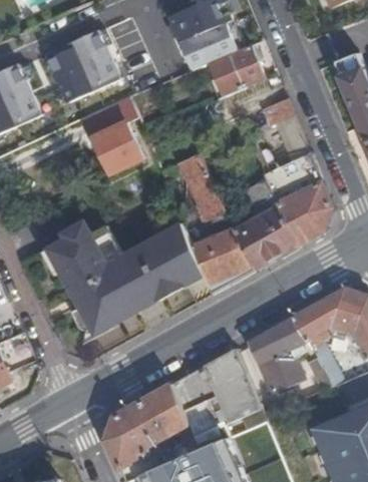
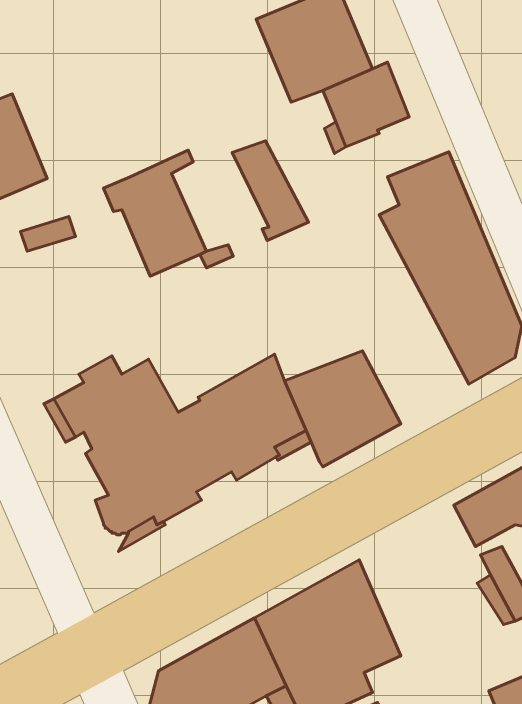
building: [57,33,123,100] -> none
building: [180,158,227,218] -> [232,141,309,240]
building: [235,205,298,266] -> none
building: [241,315,302,393] -> none

